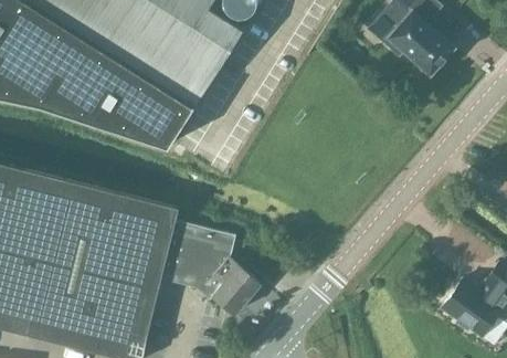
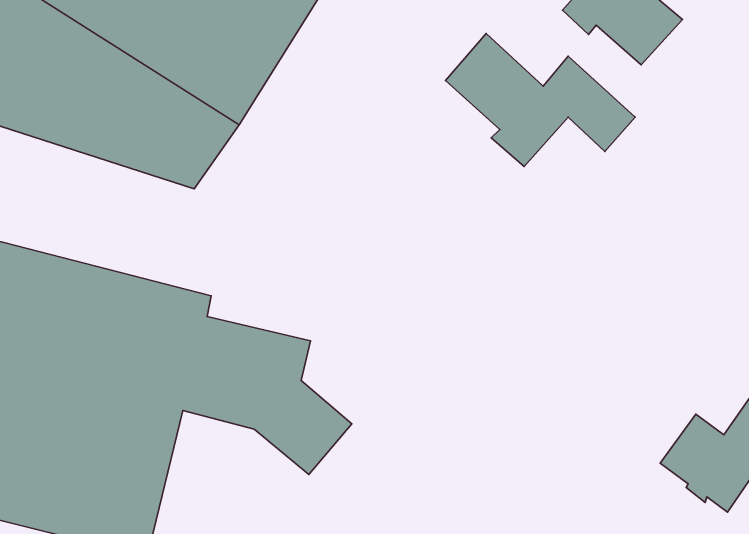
building: none -> [446,33,635,166]

